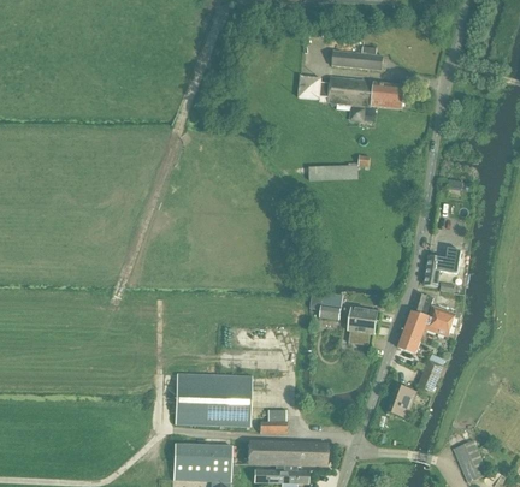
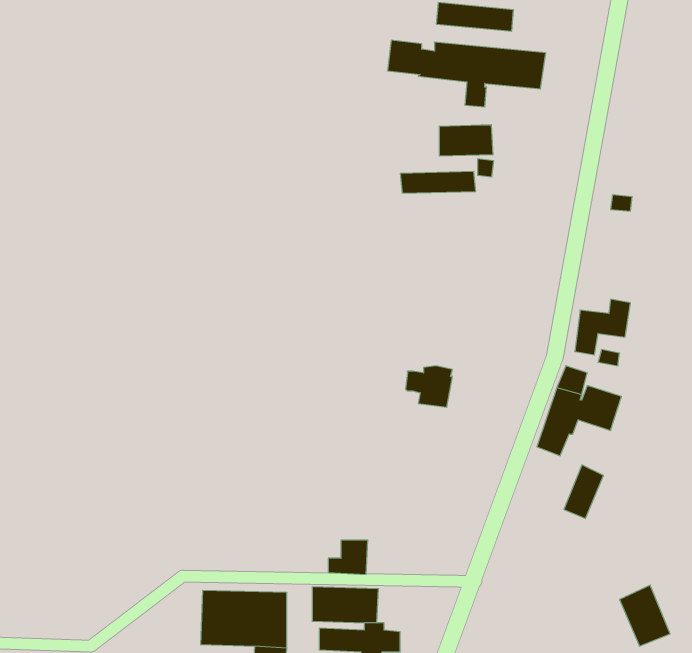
building: none -> [440,125,493,156]
building: [348,308,377,346] -> none
building: [175,374,252,427] -> none
building: [386,385,415,417] -> none
building: [291,443,325,467] -> none

